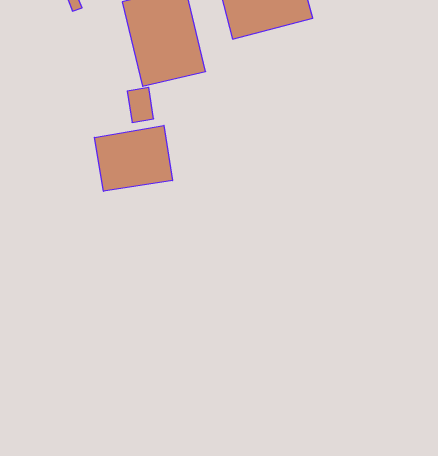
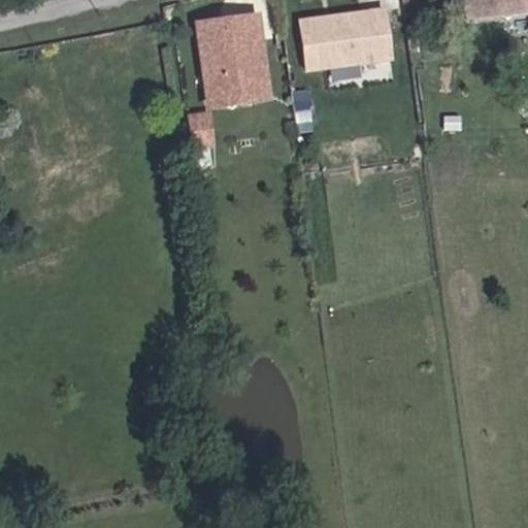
building: [94,125,172,191] -> none

